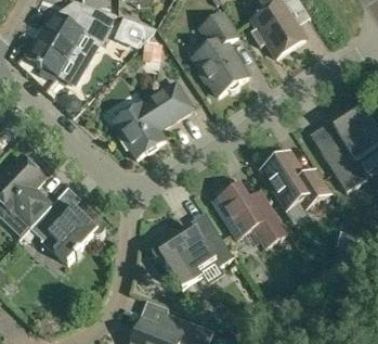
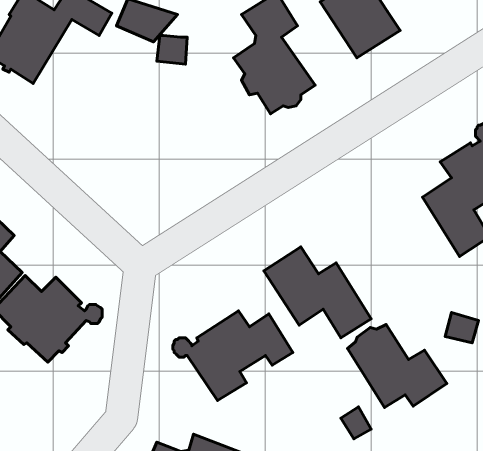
building: [113,80,193,156] -> none
building: [262,151,329,207] -> [348,324,447,408]

